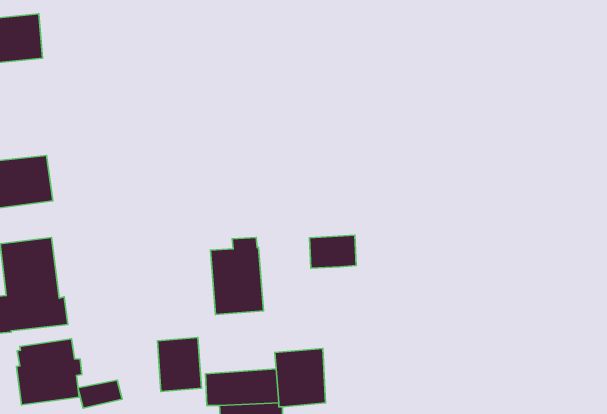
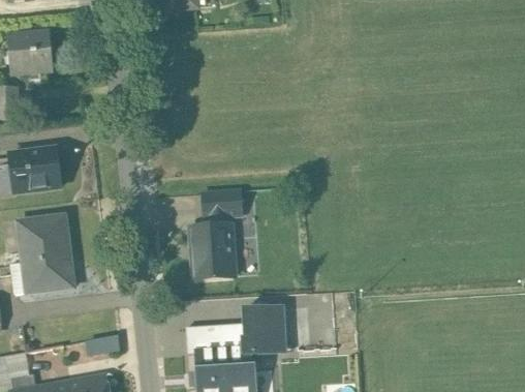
building: [309,235,356,268] -> [205,189,243,216]
building: [157,337,201,392] -> none
building: [17,339,82,405] -> none

